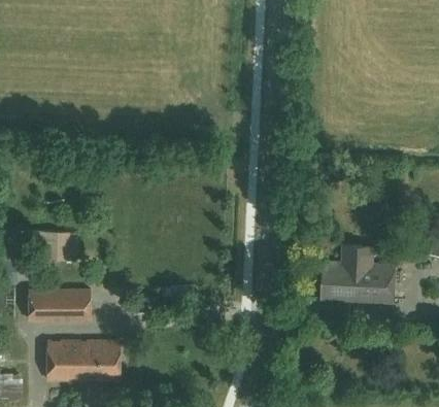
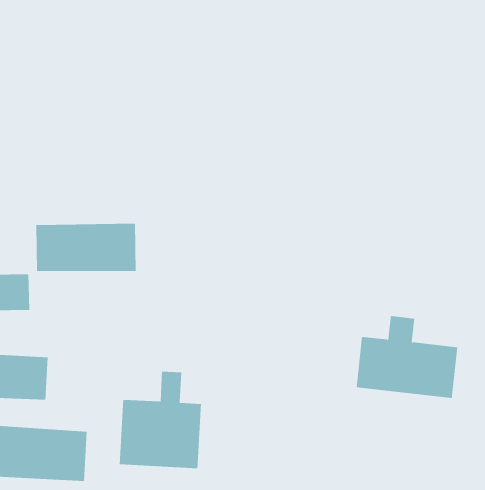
building: none -> [36,223,136,272]
building: none -> [119,371,202,469]

